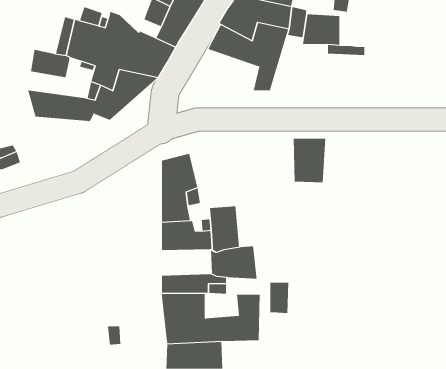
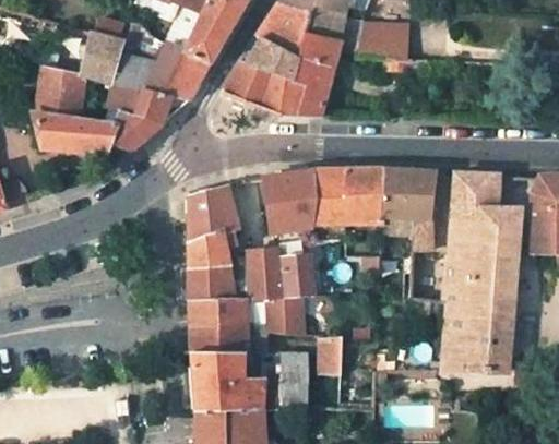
building: none -> [223,62,306,113]
building: none -> [34,91,80,118]
building: none -> [266,169,347,231]
building: none -> [381,169,437,249]
building: none -> [442,172,519,370]
building: none -> [283,240,312,297]
building: none -> [191,300,250,331]

